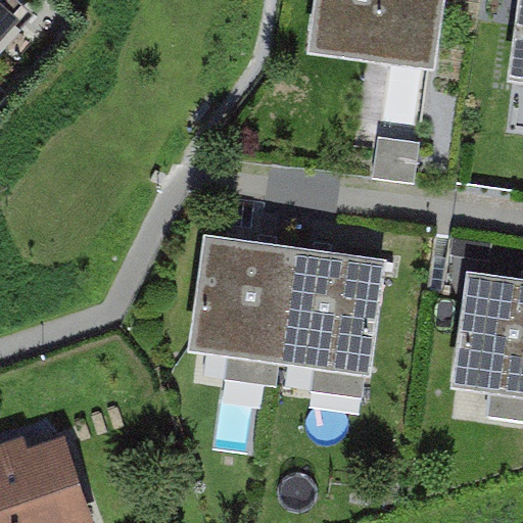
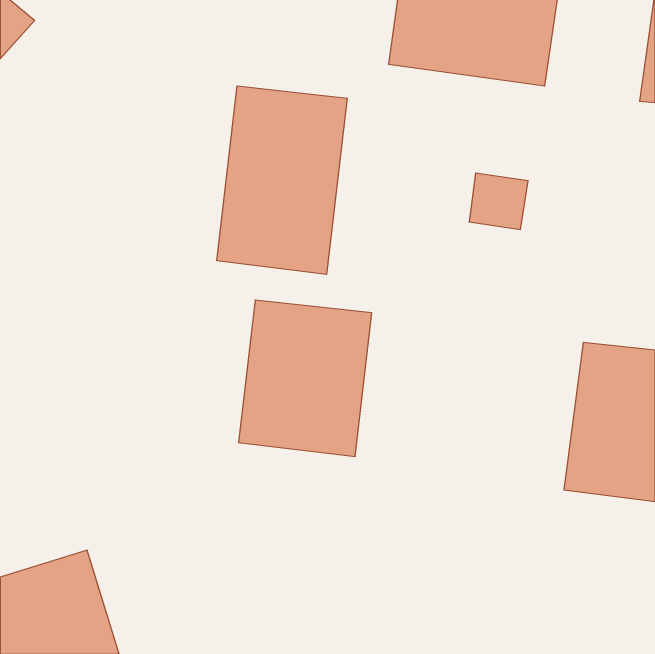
building: none -> [217,86,347,274]
building: [283,249,383,374] -> none

